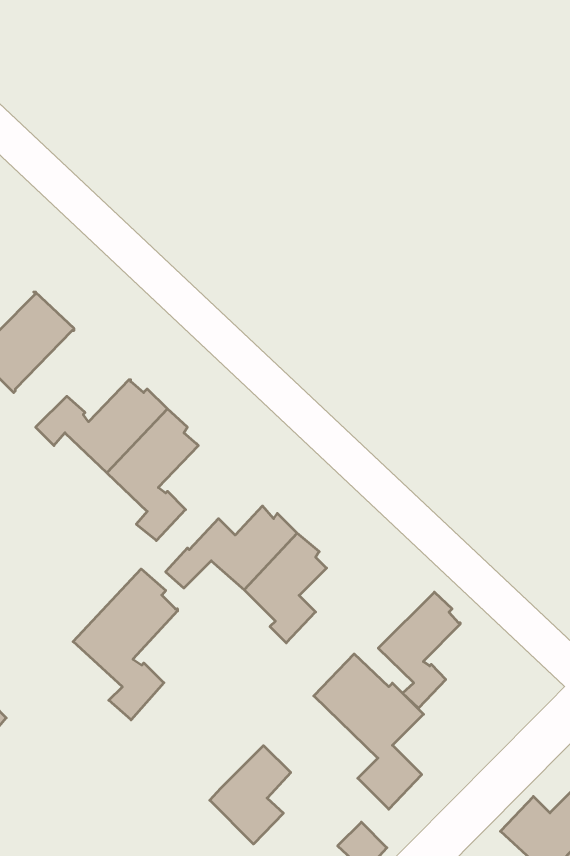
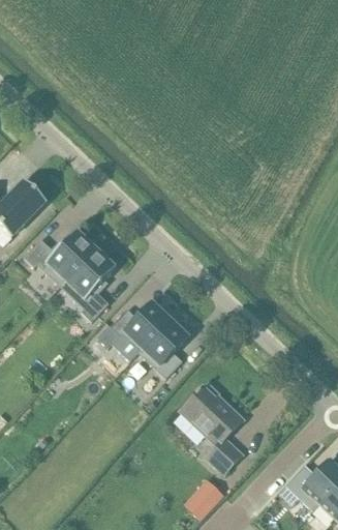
building: [73,569,178,720] -> none
building: [378,592,460,708] -> none
building: [210,746,291,844] -> none

